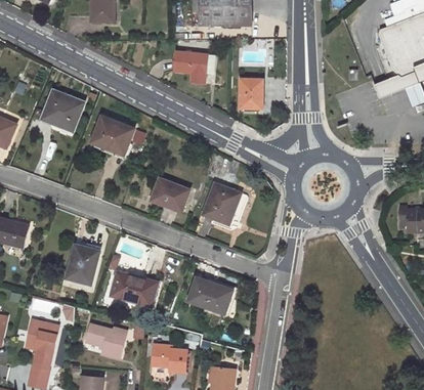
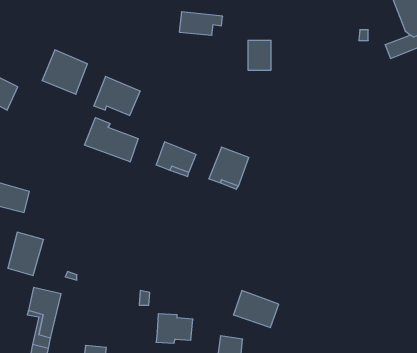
building: none -> [85,118,138,162]
building: [67,244,101,286] -> [8,232,44,276]
building: [112,273,158,307] -> none
building: [189,277,234,313] -> [233,291,279,328]
building: [86,323,128,358] -> none

